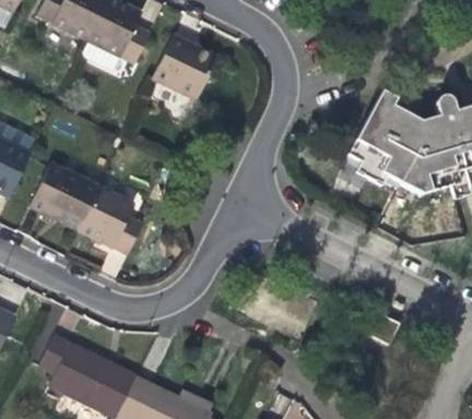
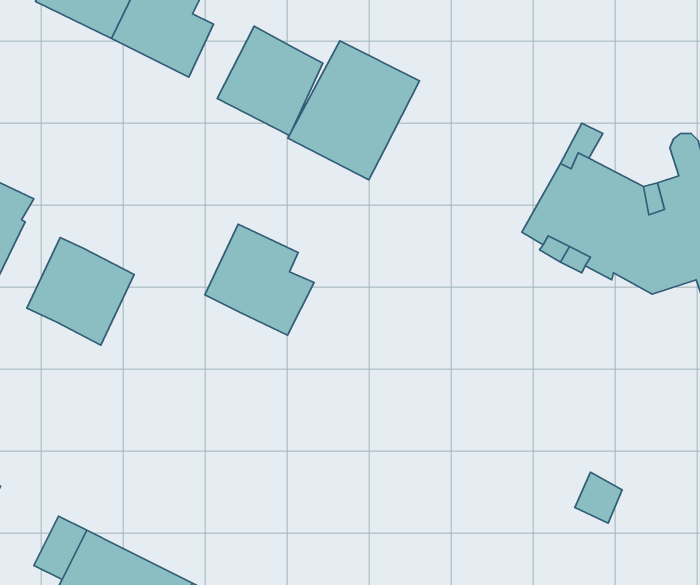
building: none -> [288,41,420,180]
building: [79,185,146,254] -> [205,224,314,335]

